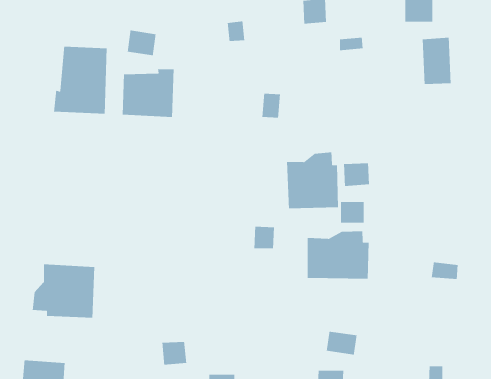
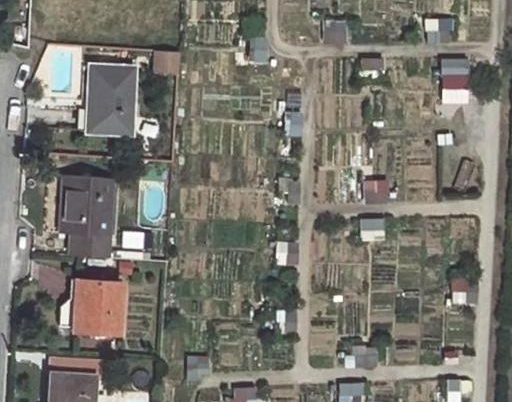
building: [122,69,175,118] -> none
building: [286,152,339,209] -> none
building: none -> [59,174,114,256]
building: [307,231,369,279] -> none

